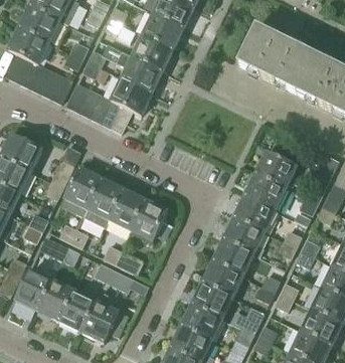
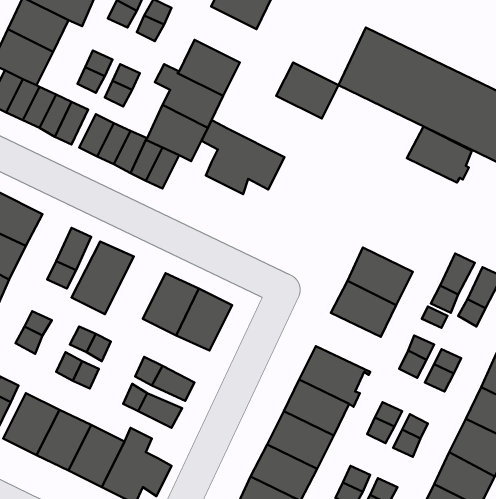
building: [142,12,183,49] -> [276,62,339,118]
building: none -> [201,120,284,194]
building: [253,151,297,188] -> [407,126,472,183]
building: [82,178,123,227] -> none
building: [222,215,266,254] -> none

